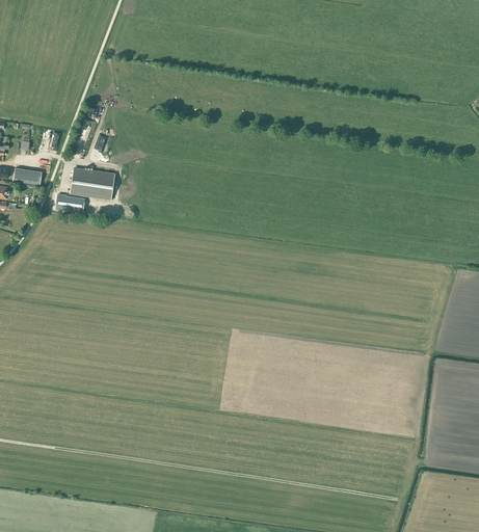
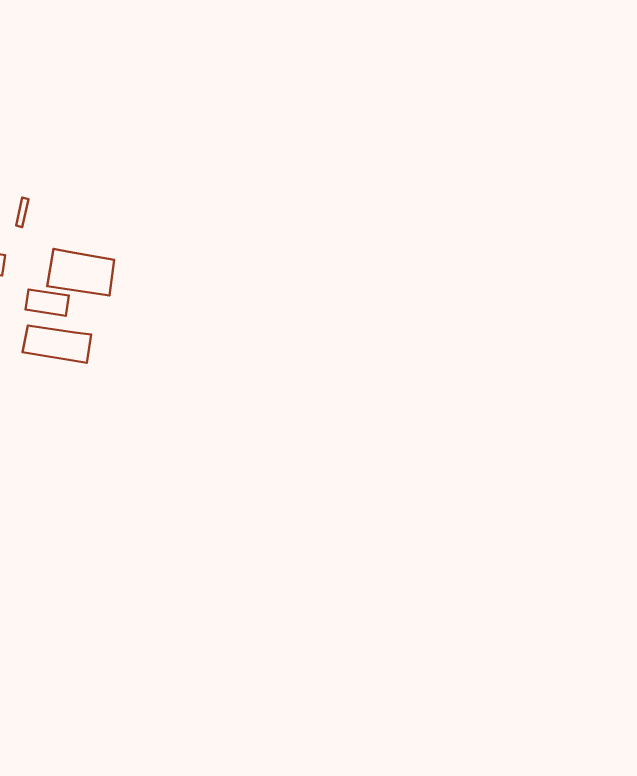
building: none -> [22,325,91,363]

